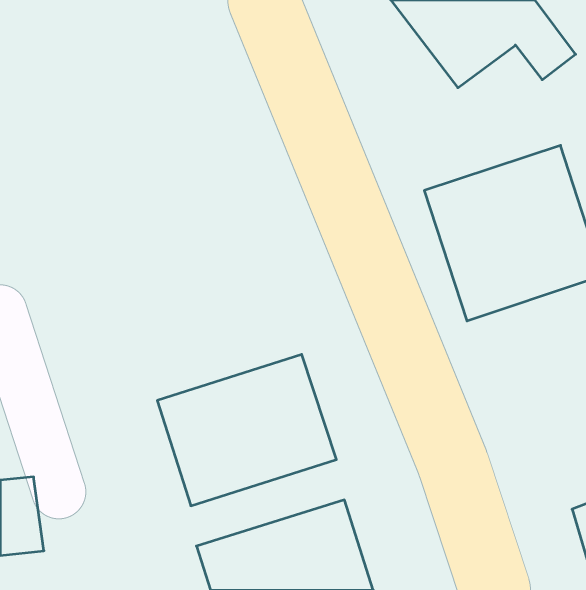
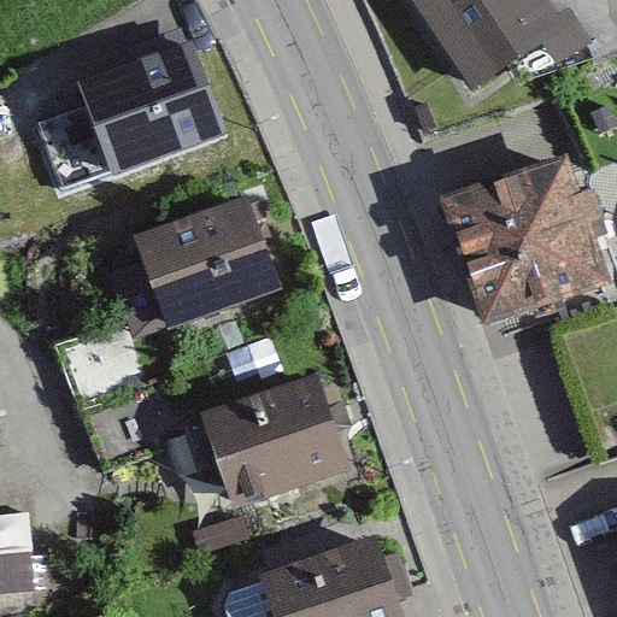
building: none -> [41,30,233,187]
building: none -> [100,194,277,341]

